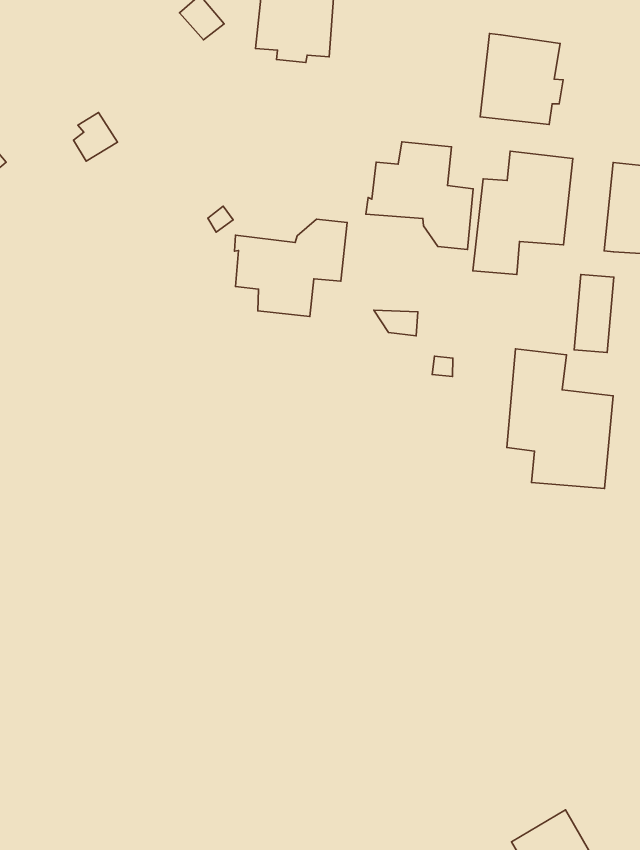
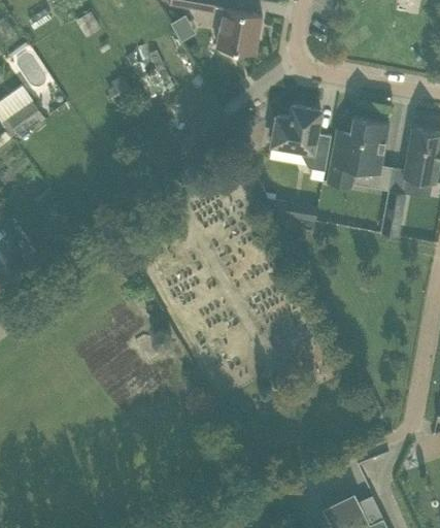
building: [480,34,563,124] -> none
building: [234,219,347,316] -> none
building: [507,349,613,488] -> none

